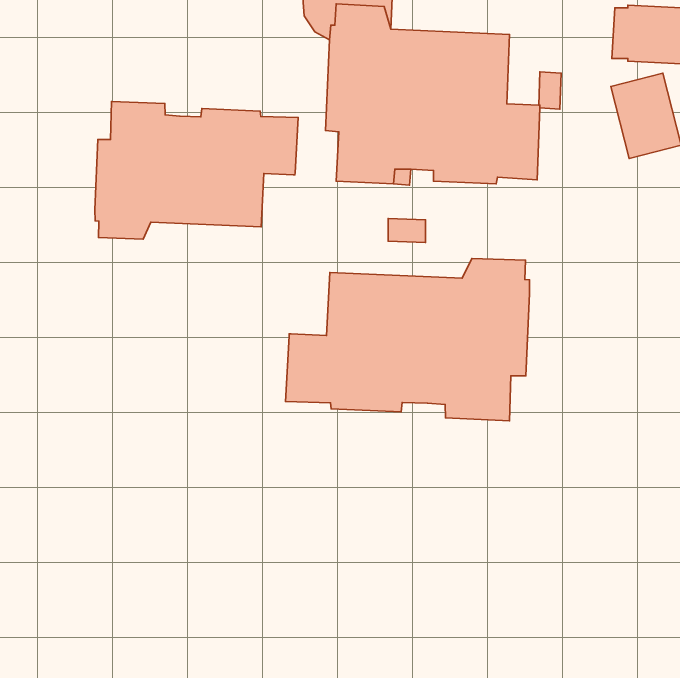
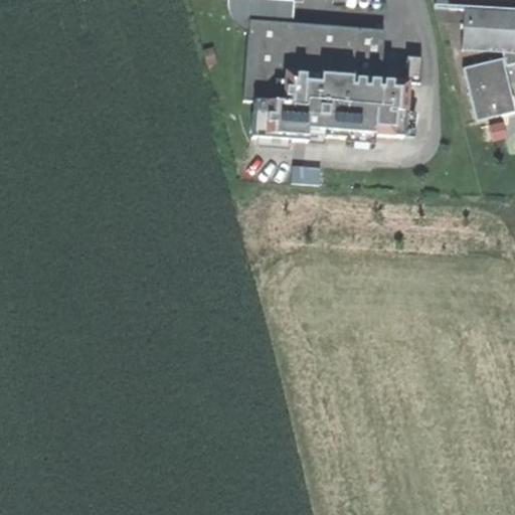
building: [95,101,298,239] -> none
building: [286,258,530,421] -> none

